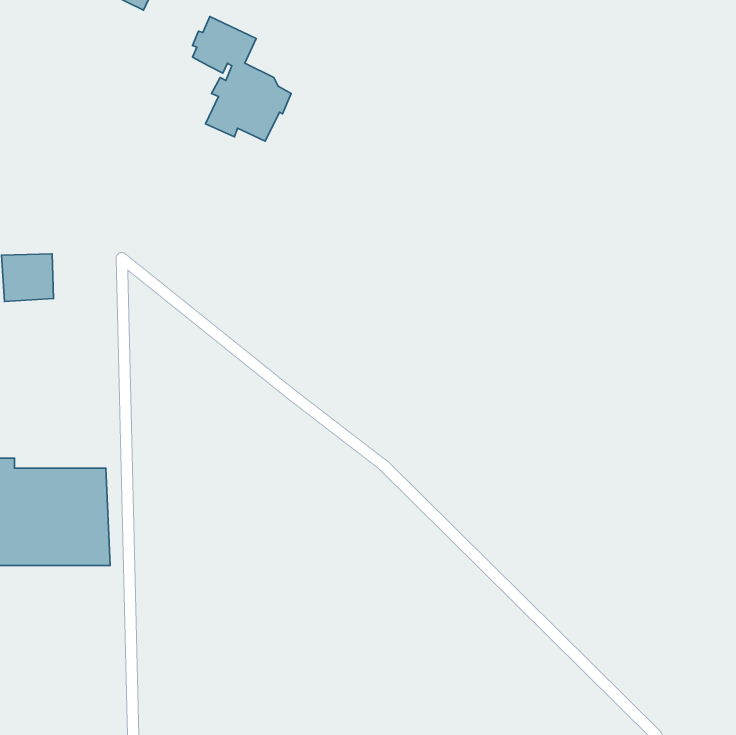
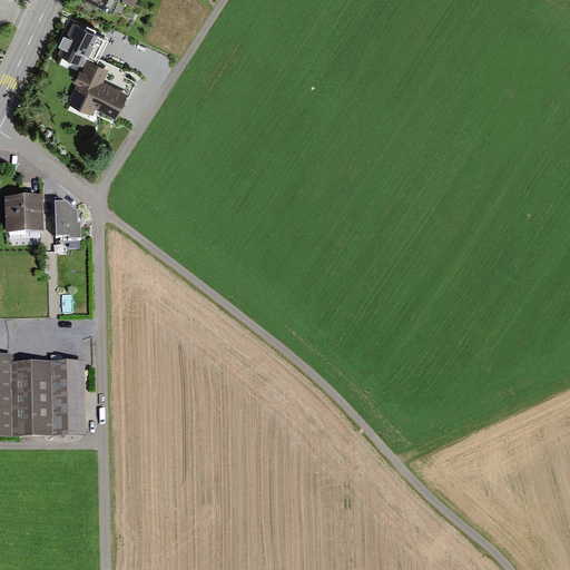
building: [193,17,291,141] -> [57,19,132,115]
building: none -> [51,198,78,238]

